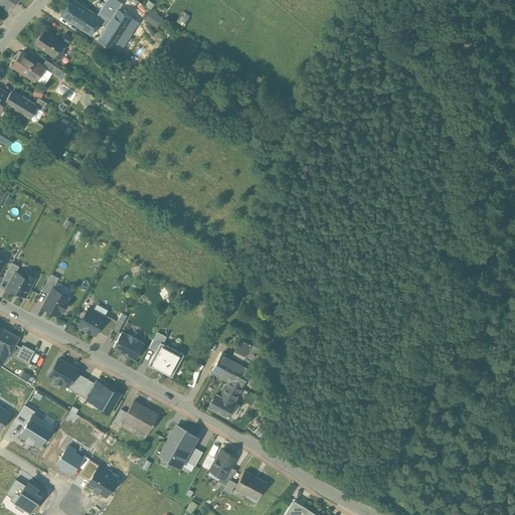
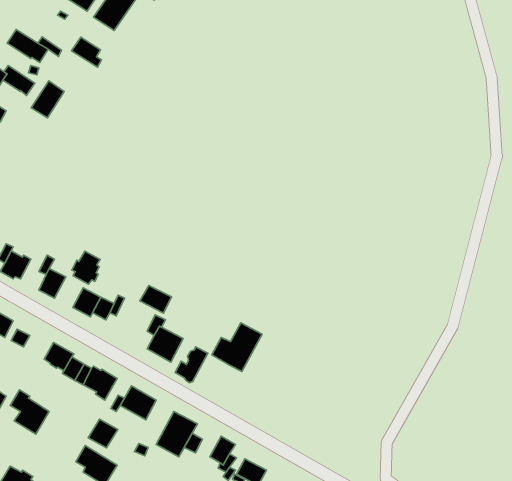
building: [35,31,64,60] -> [72,37,102,67]
building: none -> [31,81,64,118]
building: none -> [72,251,100,284]
building: [113,333,144,360] -> [140,285,172,313]
building: [209,381,241,416] -> [175,347,208,383]
building: [55,444,84,472] -> [88,419,118,448]

